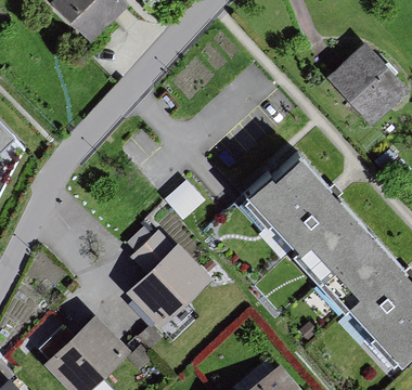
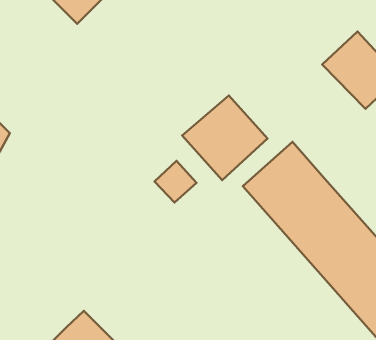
building: none -> [182,96,268,180]
building: [130,231,209,327] -> none

